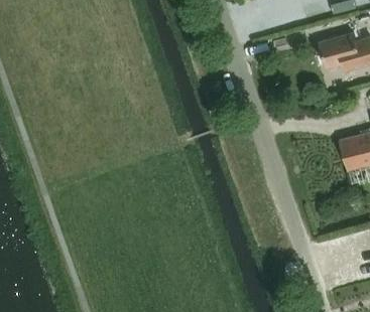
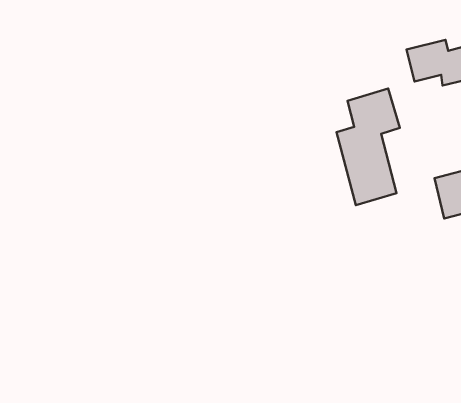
building: none -> [337,89,400,205]

